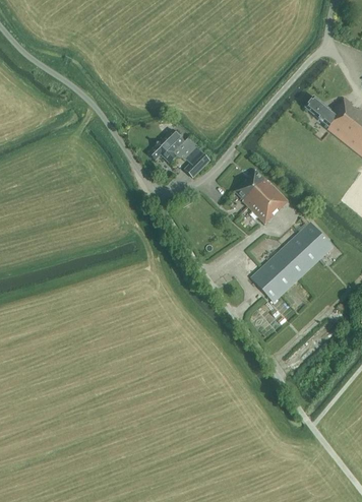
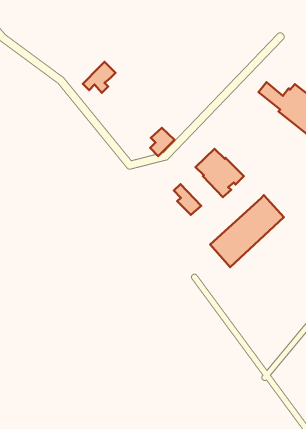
building: [148,128,185,163] -> [83,62,115,93]
building: none -> [174,184,201,215]

